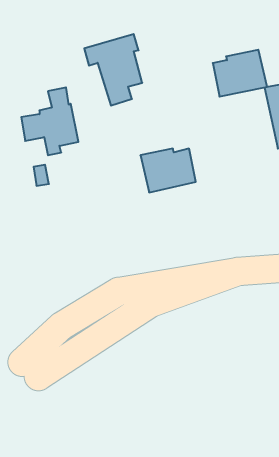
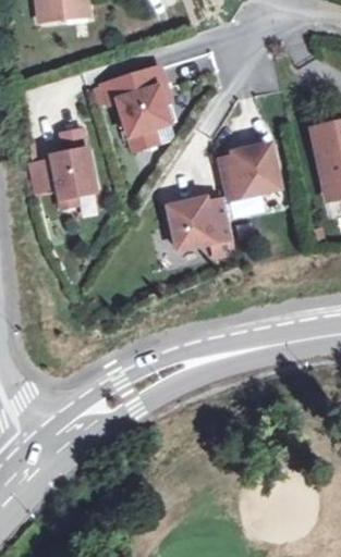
building: [213,50,267,97] -> [217,145,279,198]

